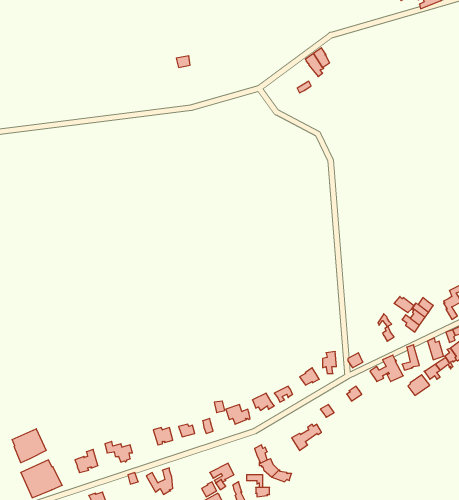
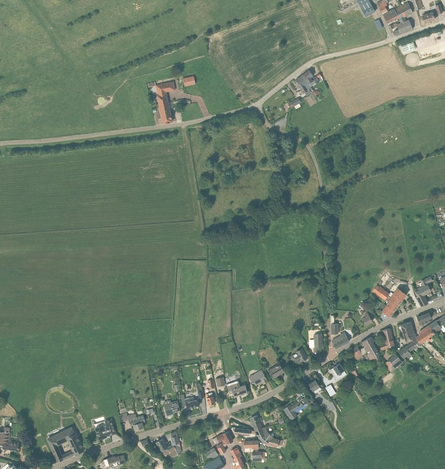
building: none -> [156,80,175,122]
building: [12,429,46,463] -> none

